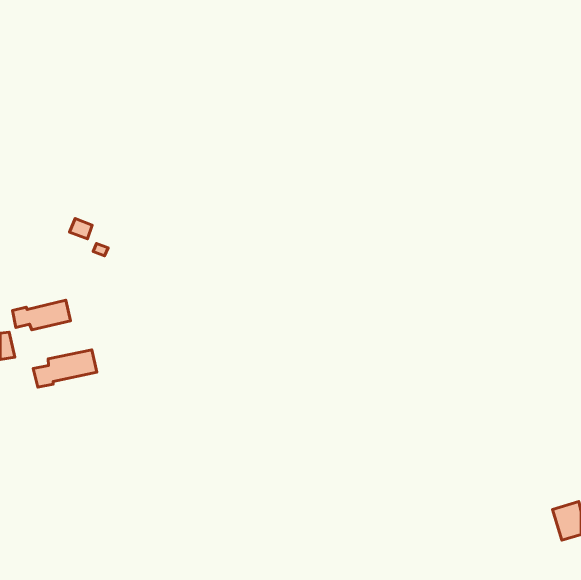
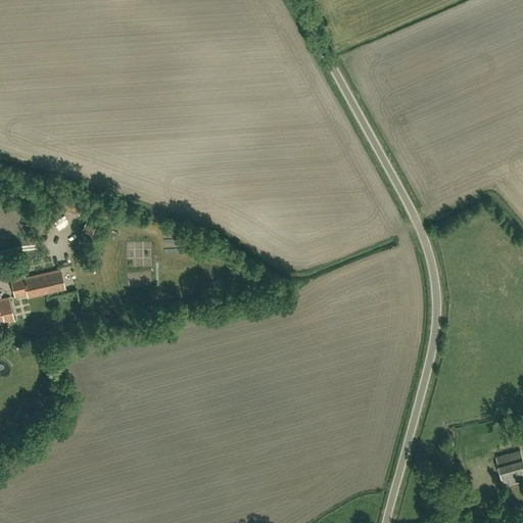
building: [33,350,97,387] -> none

